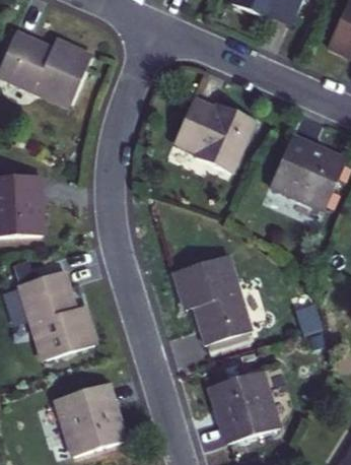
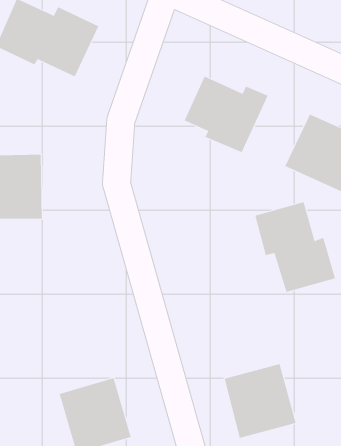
building: [176,256,252,341] -> [254,201,336,293]
building: [18,272,95,359] -> none

